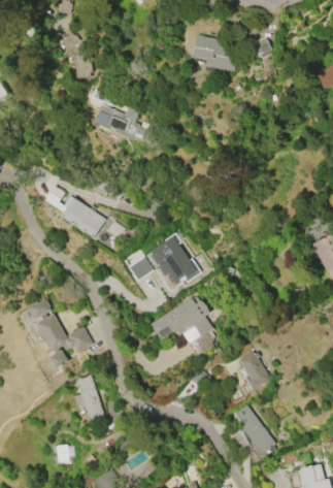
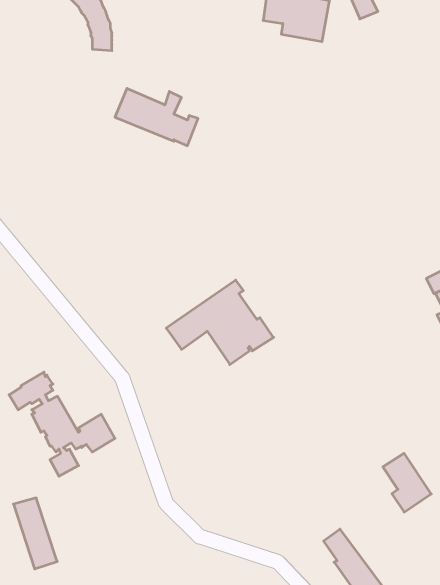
building: [43,186,111,237] -> none
building: [149,300,211,345] -> none
building: [238,351,271,391] -> [383,453,431,512]
building: [74,376,104,424] -> [13,498,57,569]

